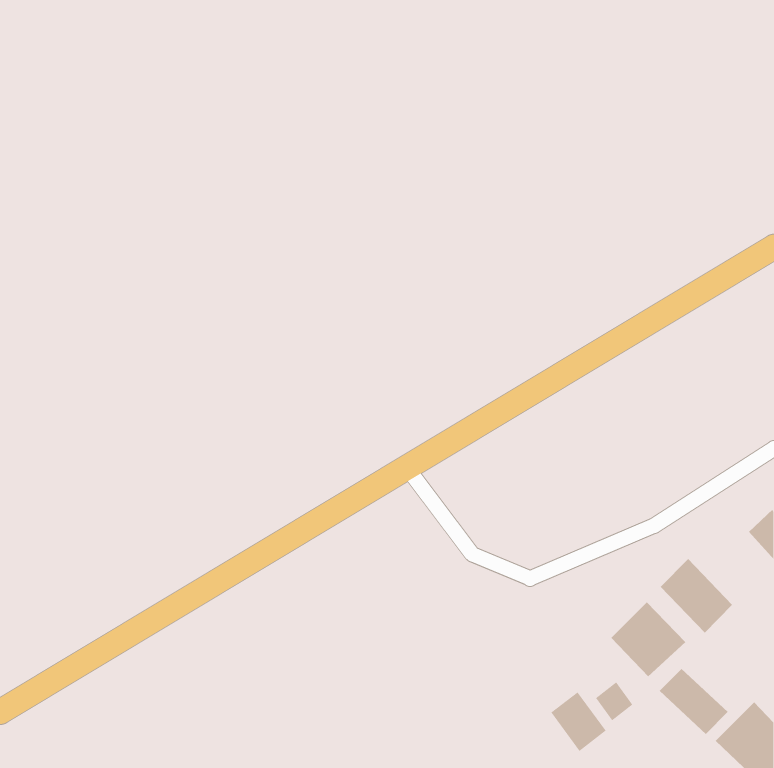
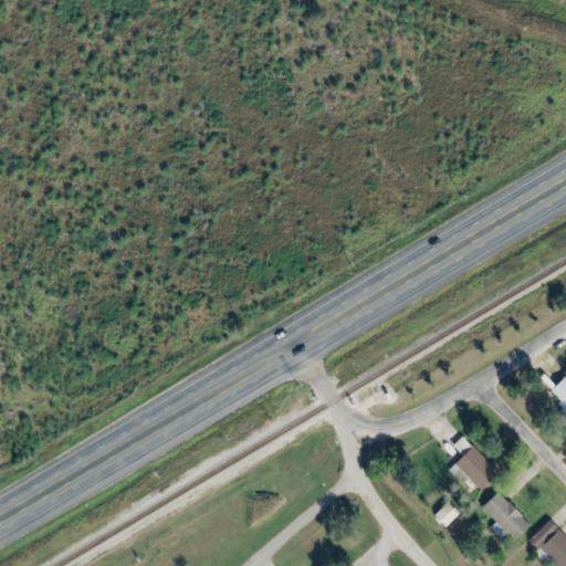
building: [660,558,733,633] -> none
building: [550,691,607,752] -> none

